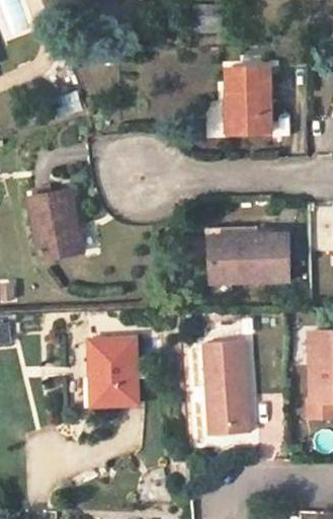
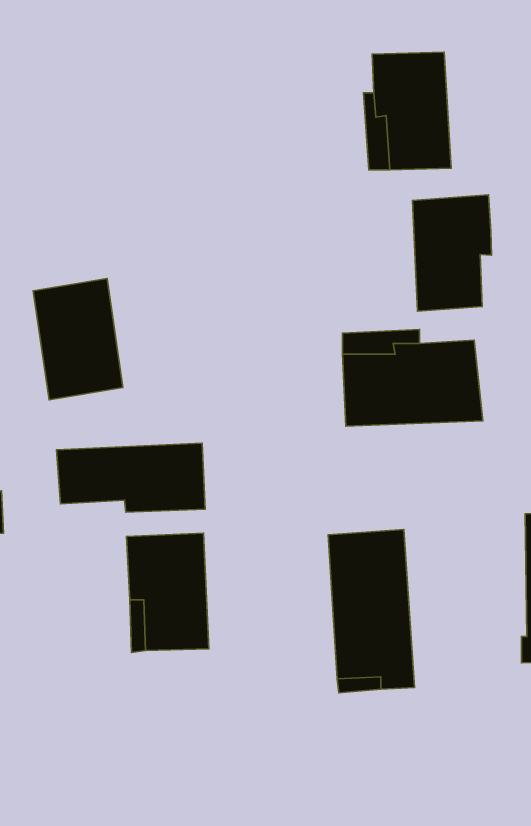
building: none -> [413,195,491,311]
building: none -> [57,443,205,512]

